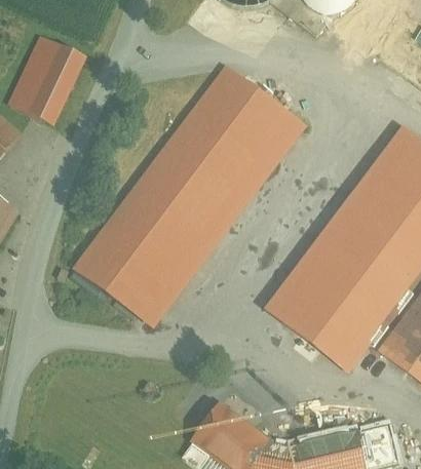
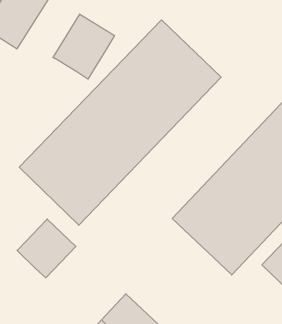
building: none -> [53,14,114,79]
building: none -> [17,219,76,278]

